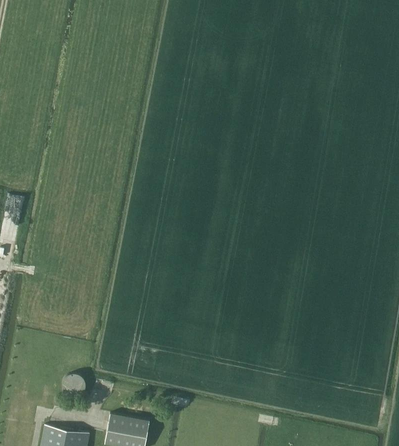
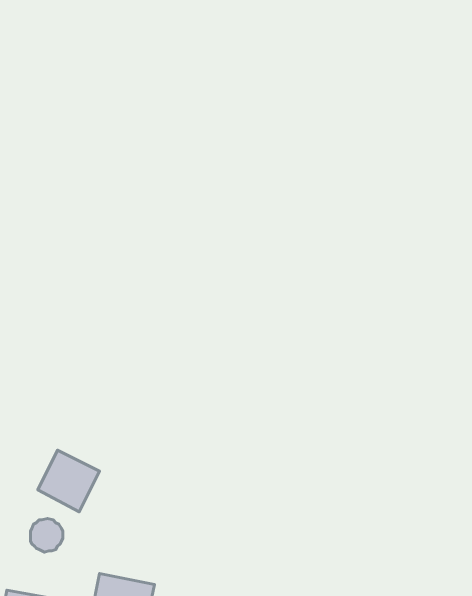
building: none -> [38,450,100,512]

